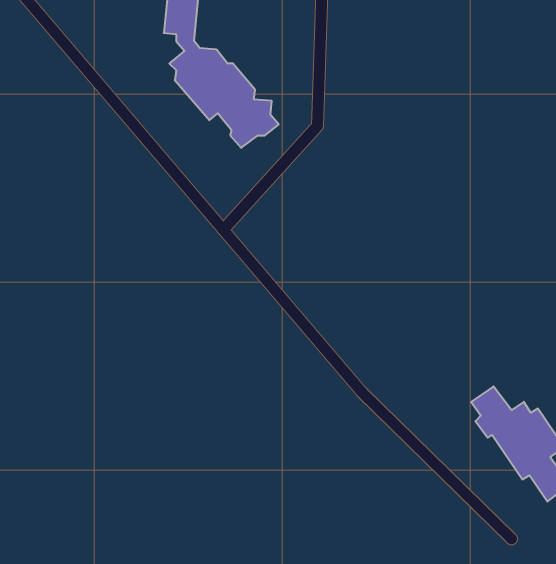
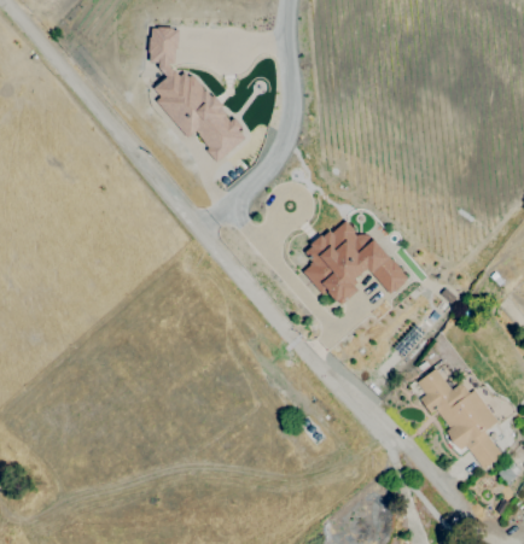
building: none -> [303,218,409,305]

